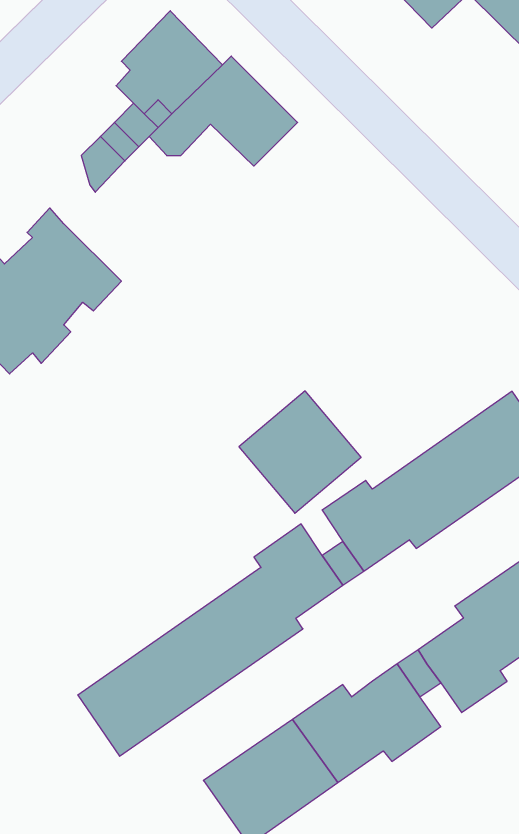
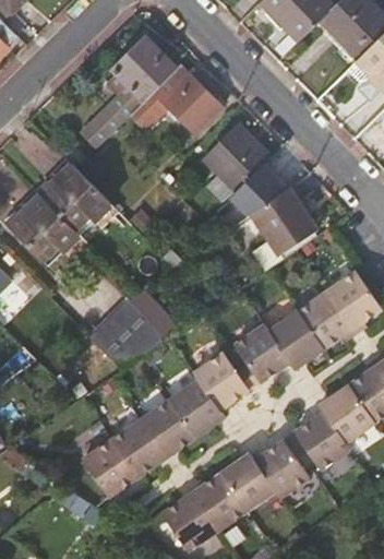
building: none -> [201,121,281,192]
building: none -> [254,188,316,249]
building: [239,391,361,513] -> [88,296,165,372]

